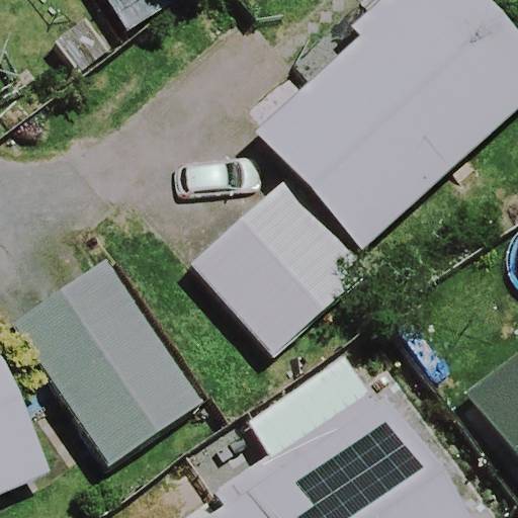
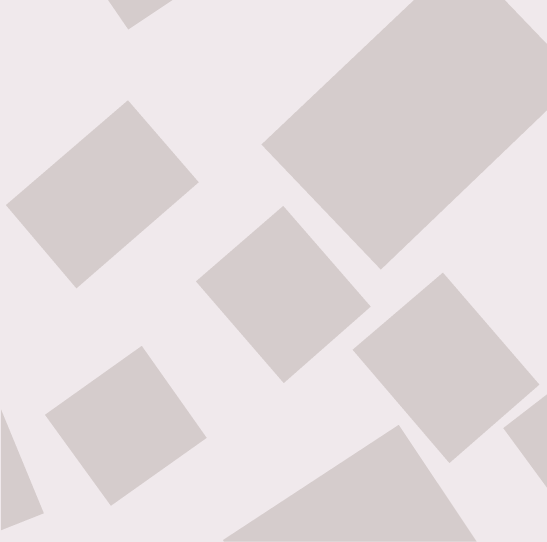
building: none -> [5,99,200,290]
building: none -> [352,272,541,464]

